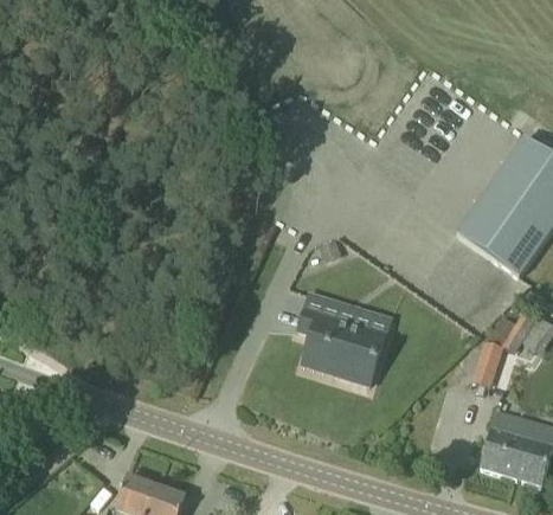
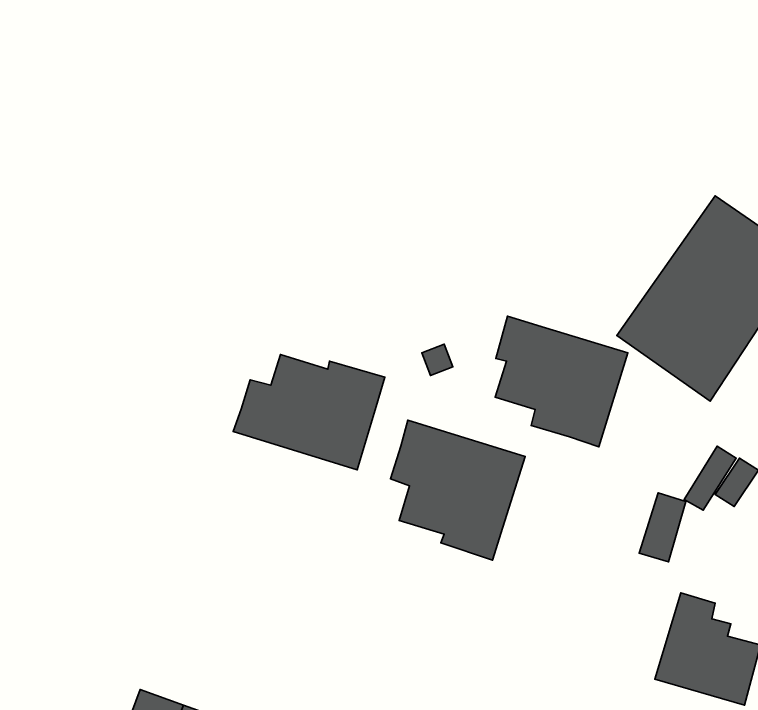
building: none -> [495,316,628,447]
building: none -> [233,355,385,470]

